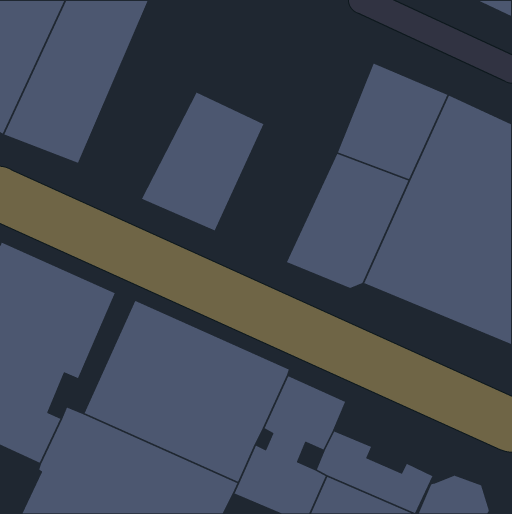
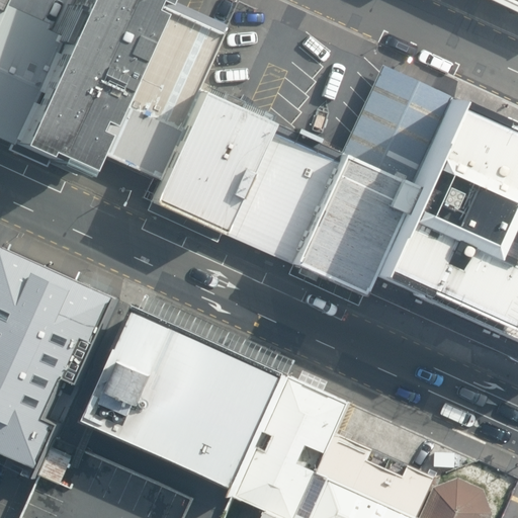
building: none -> [89,8,218,178]
building: none -> [217,124,339,264]

